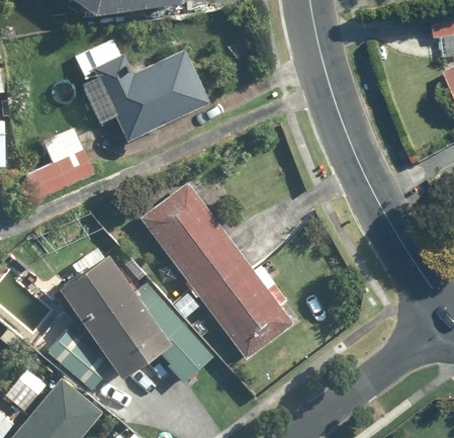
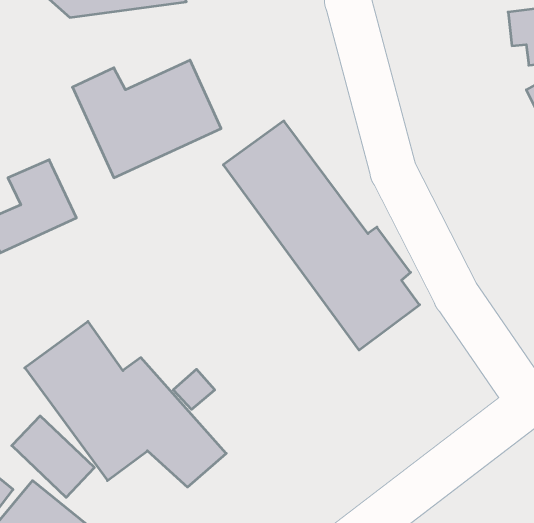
building: [141,182,294,361] -> [223,121,420,350]

